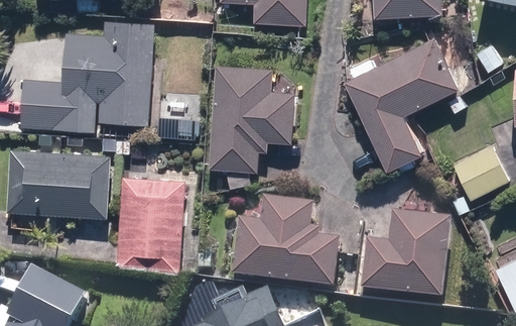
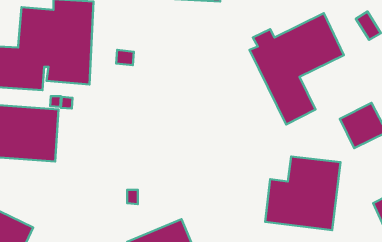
building: [208,65,294,187] -> none
building: [111,175,180,270] -> none
building: [231,197,340,288] -> none

